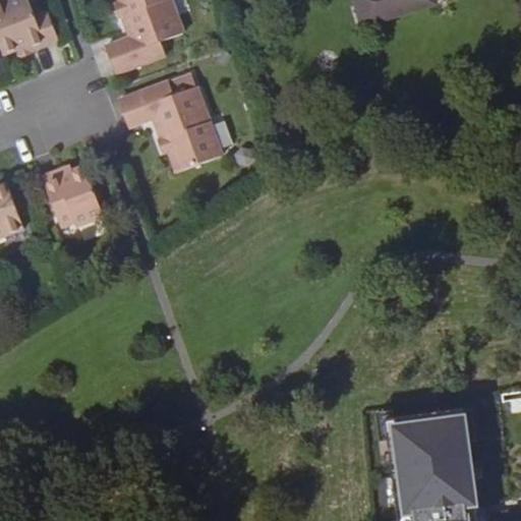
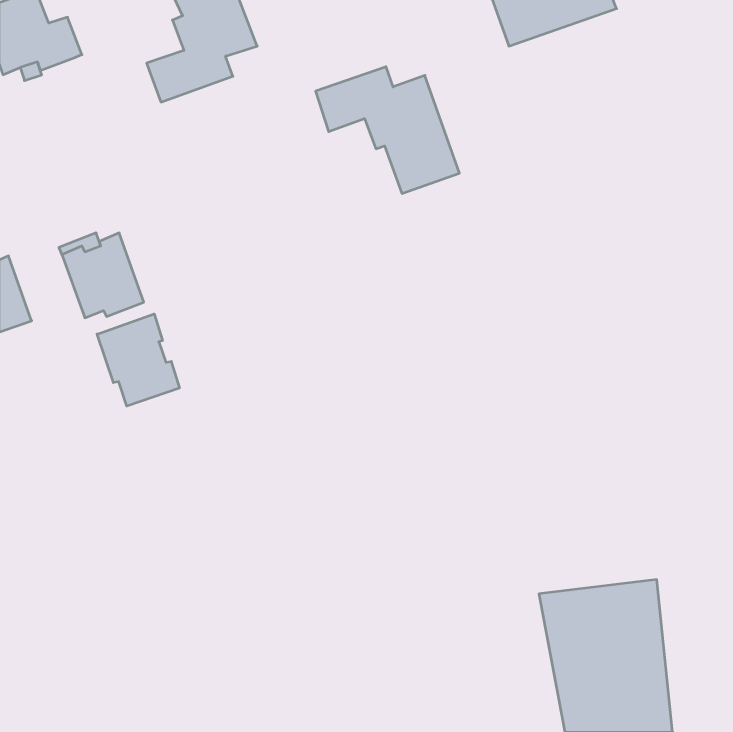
building: [118,80,220,170] -> [316,67,459,193]
building: none -> [97,314,179,406]

